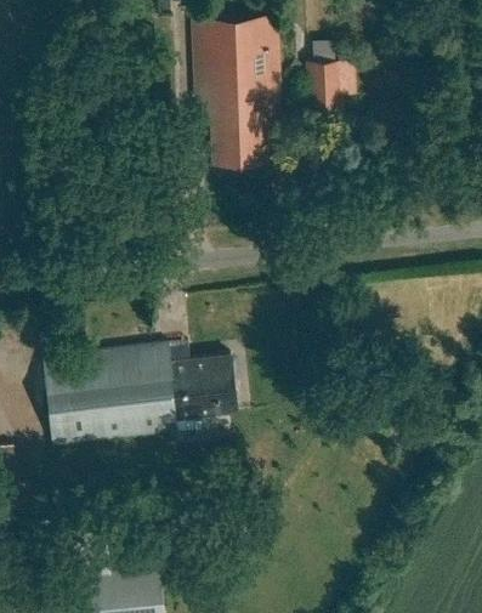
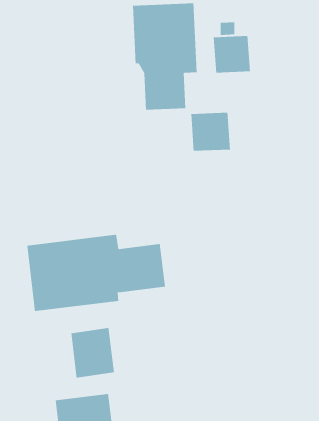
building: none -> [191,112,230,152]
building: none -> [71,327,114,378]

